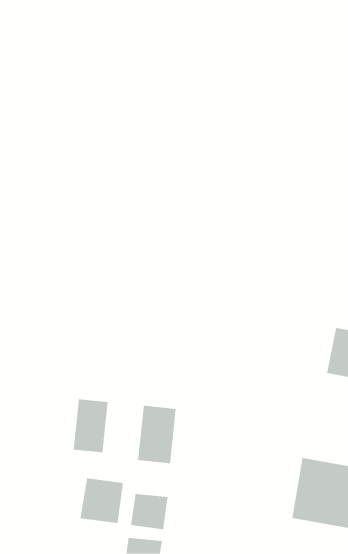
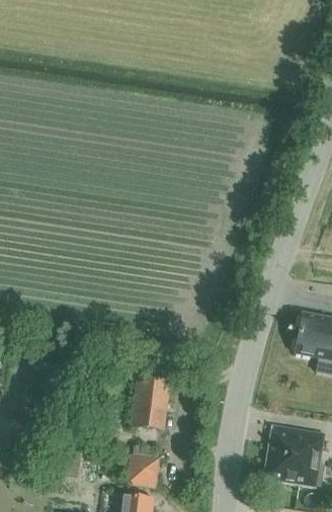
building: [73,398,109,453] -> none
building: [80,478,124,524] -> none

